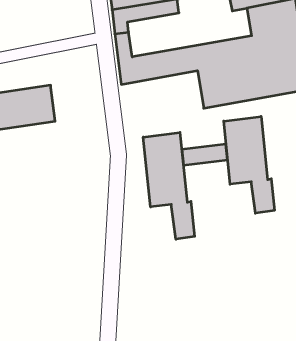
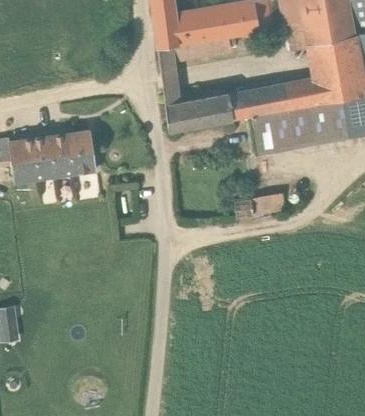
building: [224,116,274,213] -> none
building: [143,132,195,239] -> none

